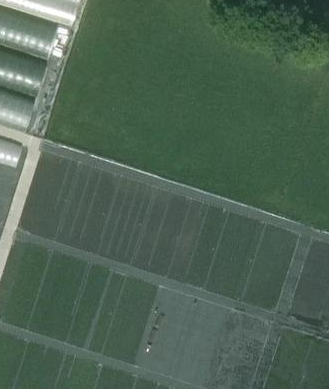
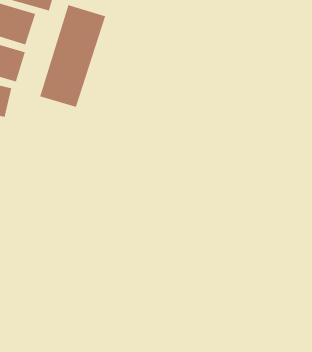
building: none -> [39,4,106,108]

